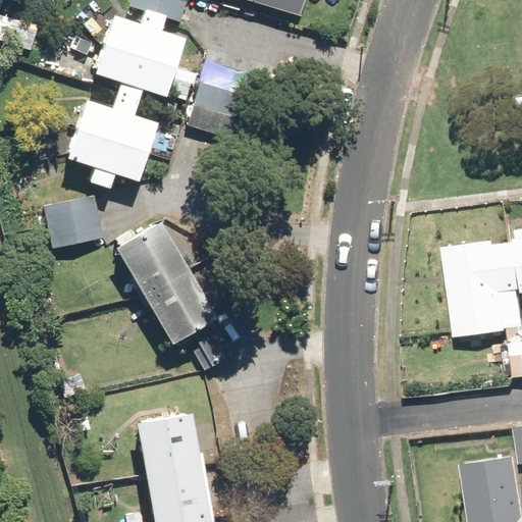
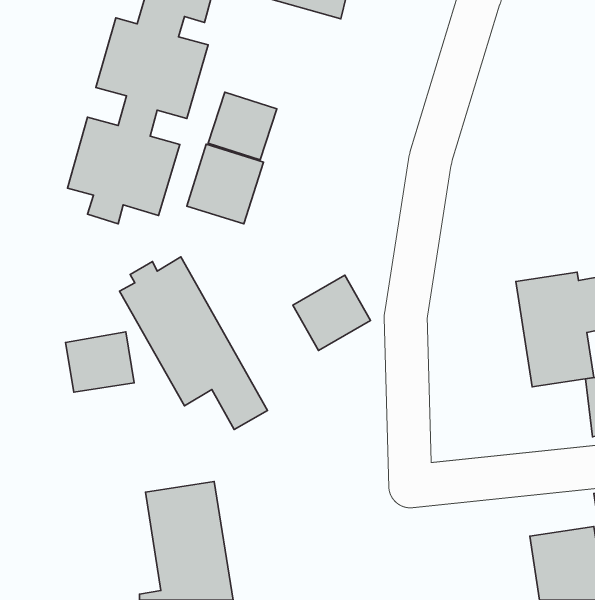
building: none -> [187,144,264,224]
building: [47,194,106,246] -> [65,332,134,392]
building: none -> [293,275,371,351]

